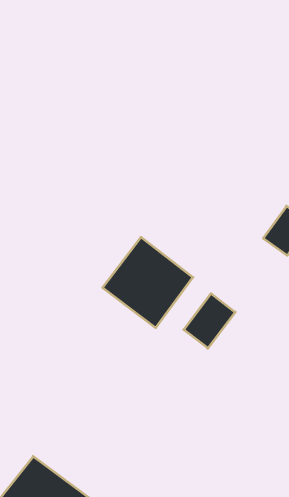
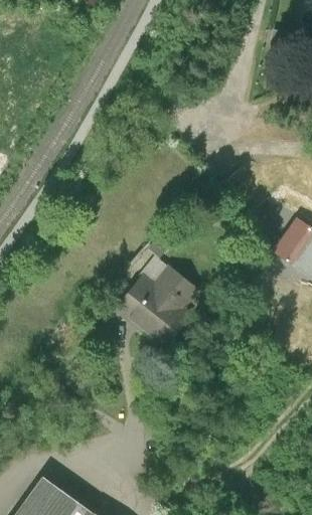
building: [184,294,235,348] -> none

